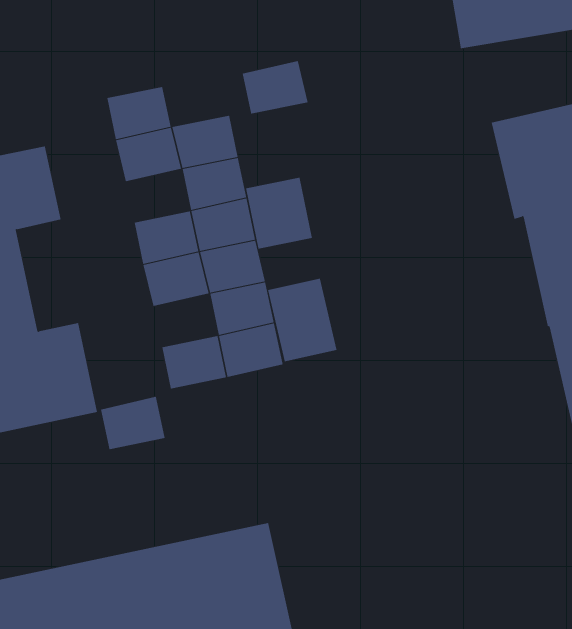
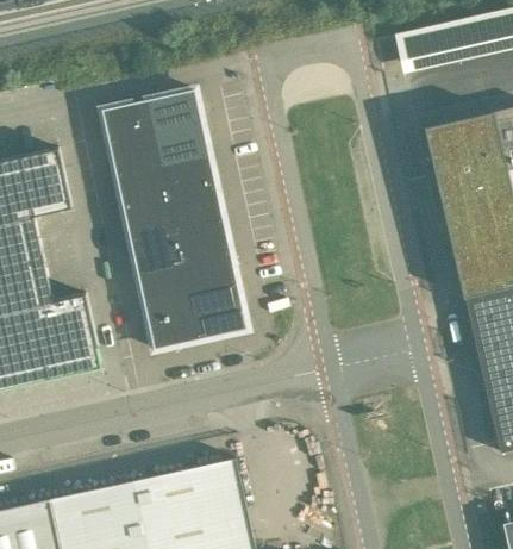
building: [242,61,309,114] -> [149,89,204,133]
building: none -> [118,168,171,212]
building: [245,177,312,250] -> none
building: [268,278,337,362] -> none
building: [100,396,165,450] -> [140,270,194,314]

